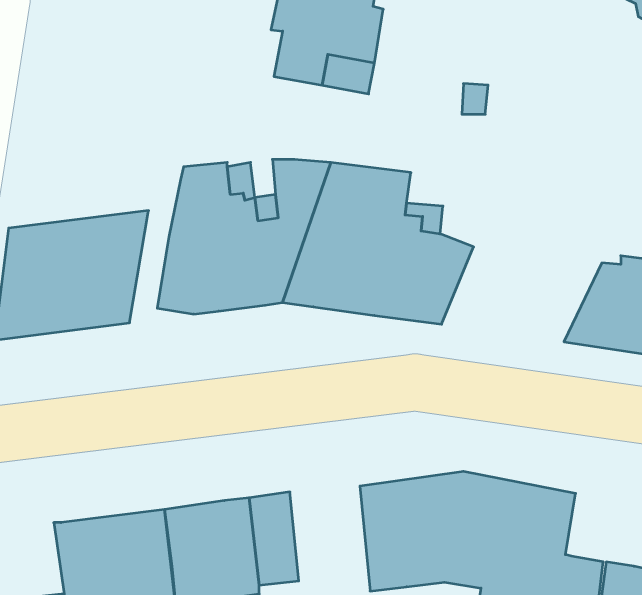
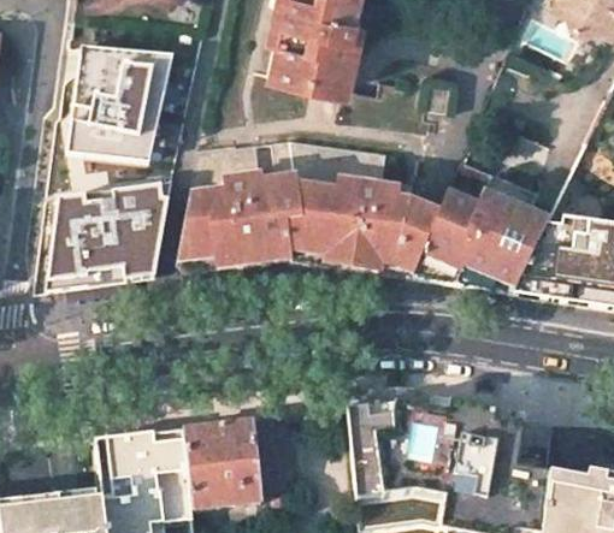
building: none -> [63,47,172,164]
building: none -> [411,160,548,294]

